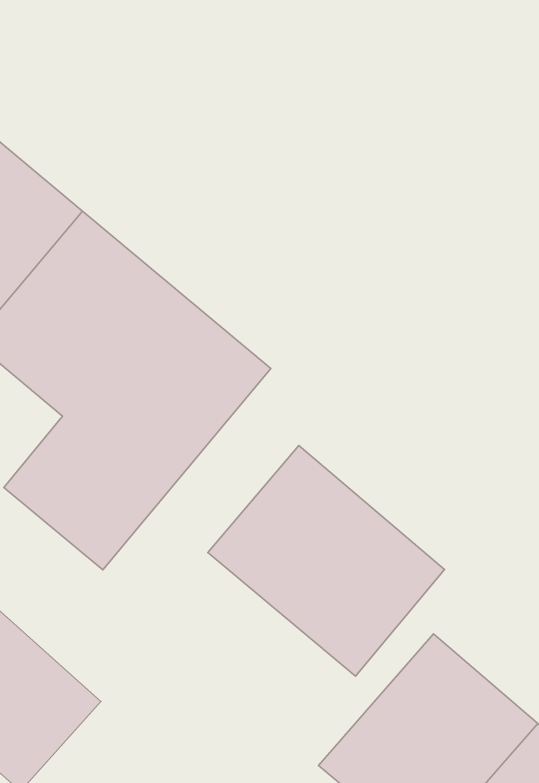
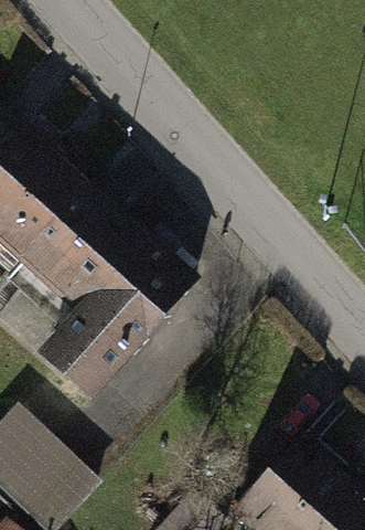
building: [208,445,444,676] -> none

